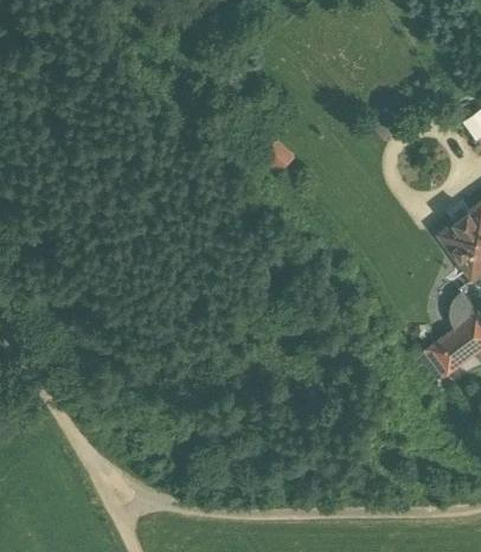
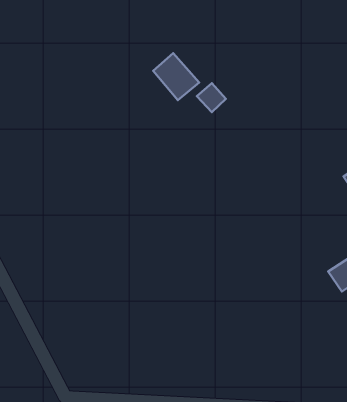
building: none -> [153,53,199,100]

